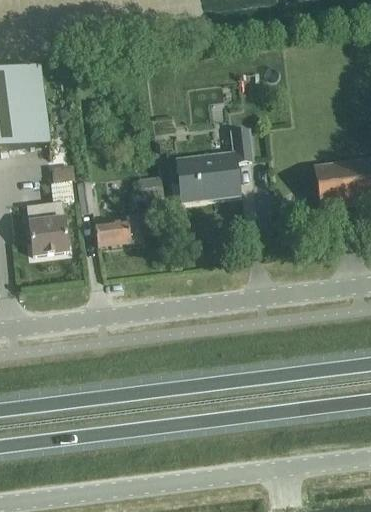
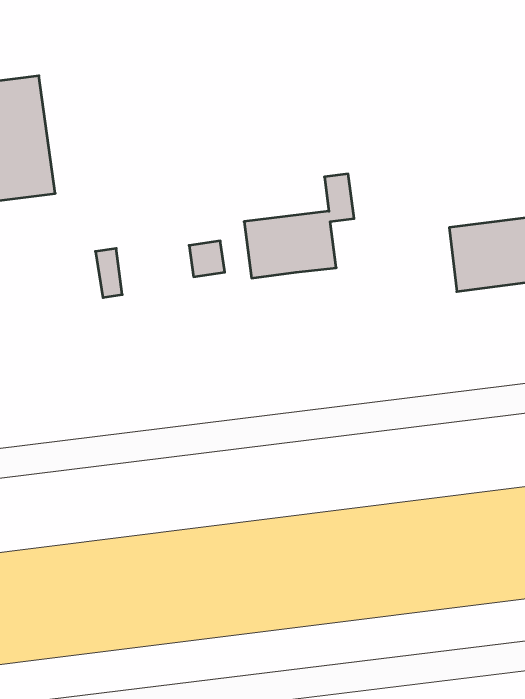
building: [27,178,75,252] -> none
building: [94,213,141,243] -> none

